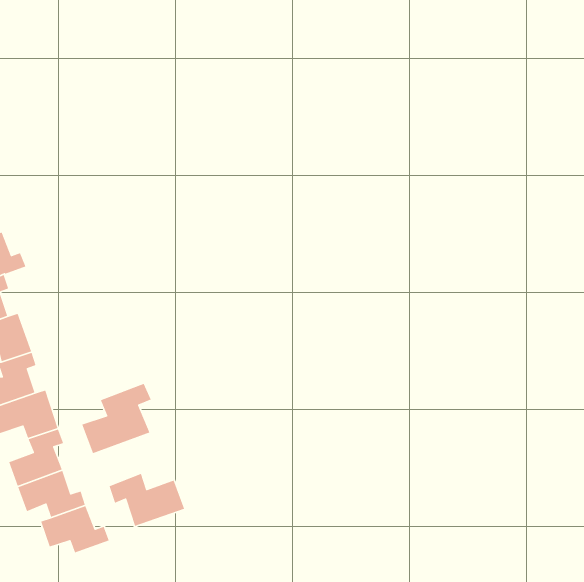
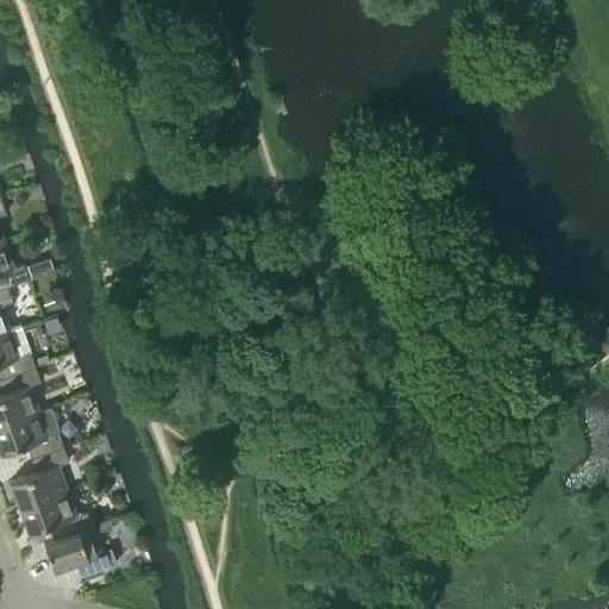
building: [81,383,152,454] -> none
building: [108,473,185,527] -> none

